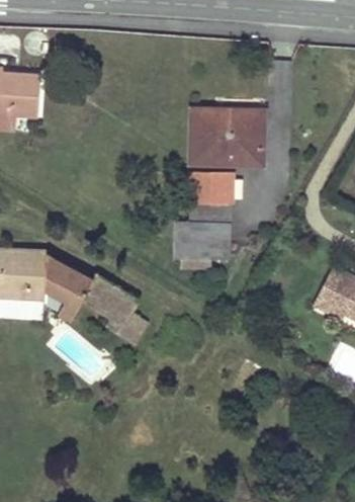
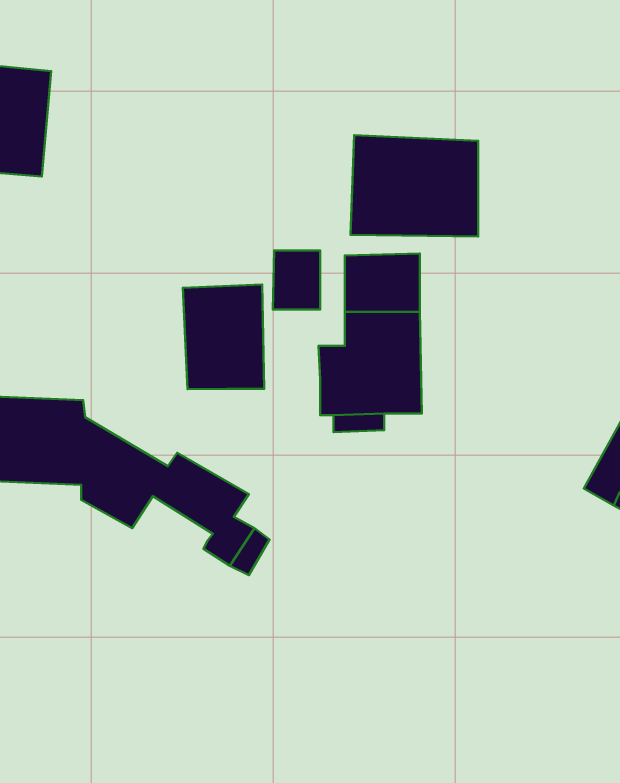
building: none -> [273,251,320,310]
building: none -> [183,285,264,389]

